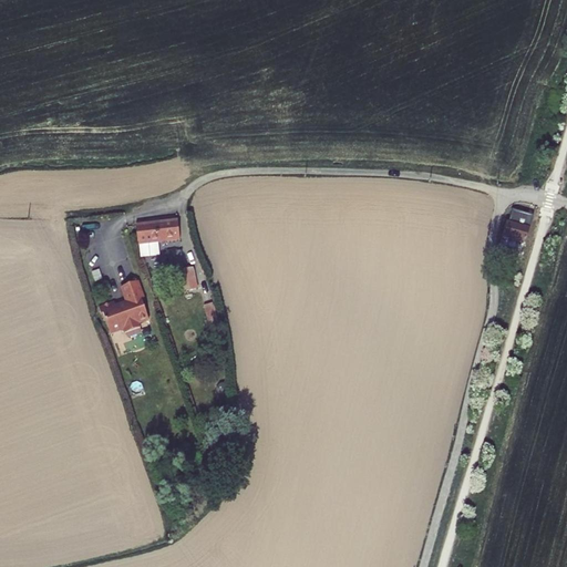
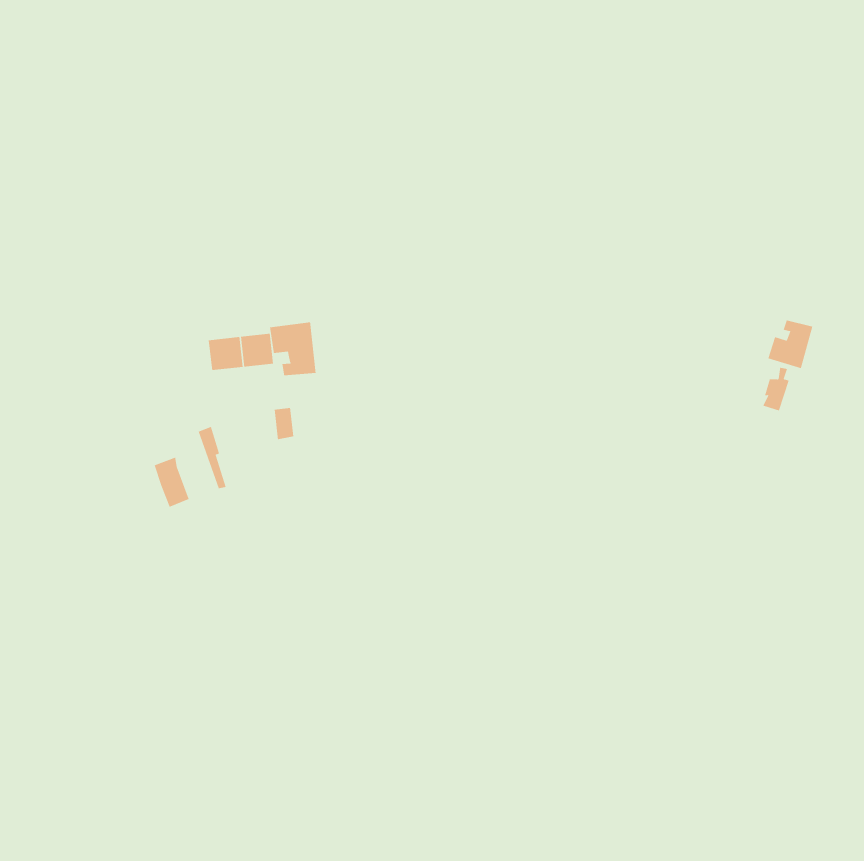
building: none -> [270,321,316,376]
building: [116,282,143,331] -> none

